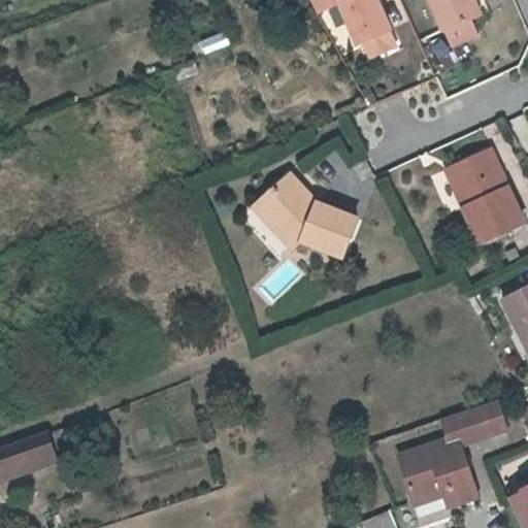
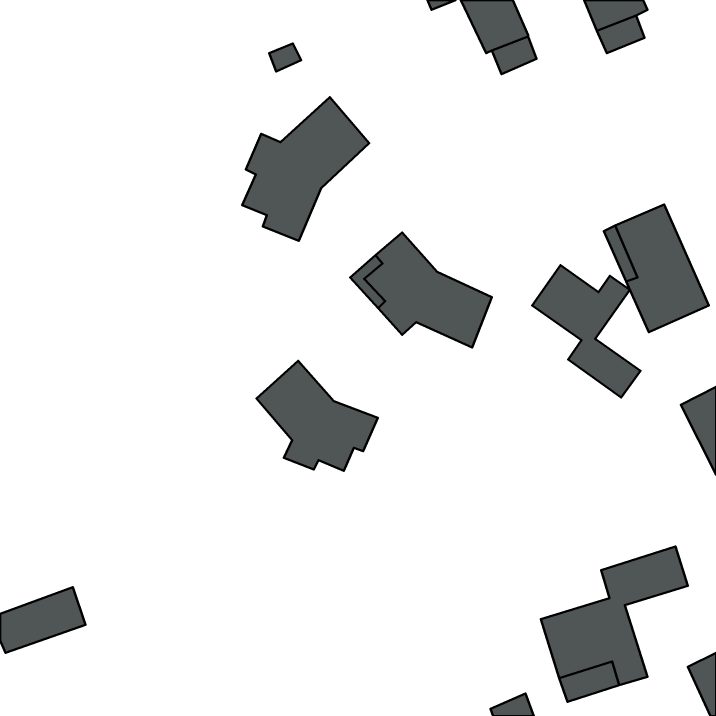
building: none -> [242,97,369,241]
building: none -> [532,265,641,398]
building: none -> [257,361,378,471]

